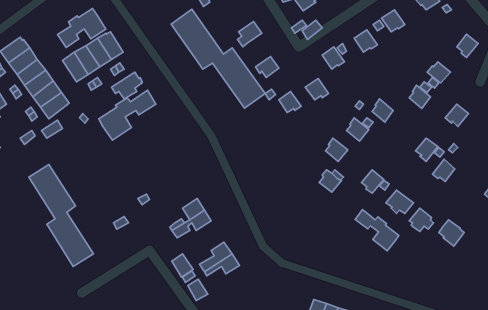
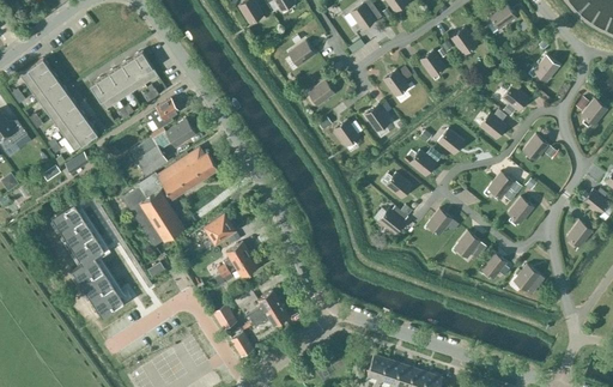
building: [57,8,106,48] -> none
building: [171,9,265,108] -> none
building: none -> [122,147,218,246]
building: none -> [202,213,235,248]
building: [355,209,399,251] -> none

